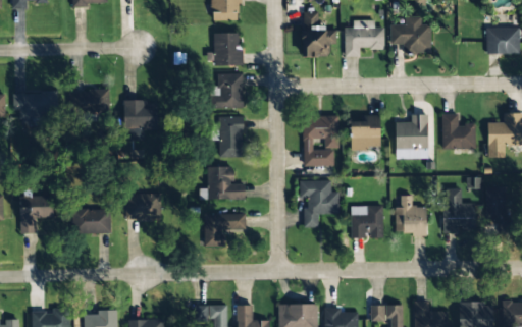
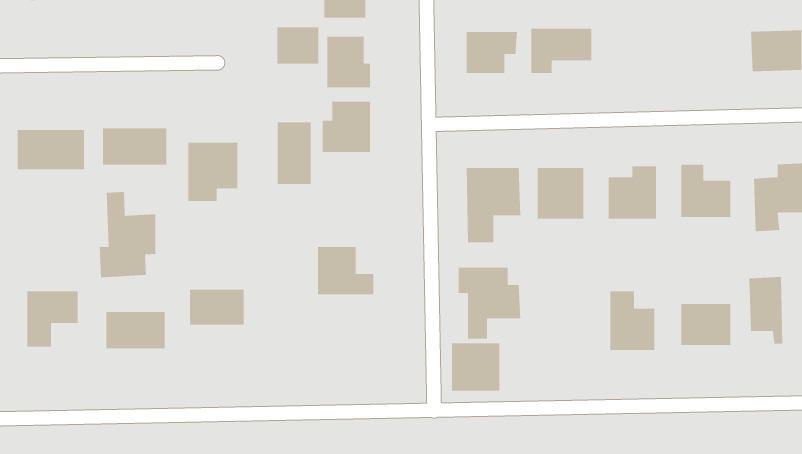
building: [392,16,431,53] -> none
building: none -> [277,27,319,64]
building: [220,116,243,157] -> [277,121,312,185]
building: none -> [99,191,156,278]
building: [352,206,383,237] -> [451,342,500,391]
building: [205,214,246,246] -> none

